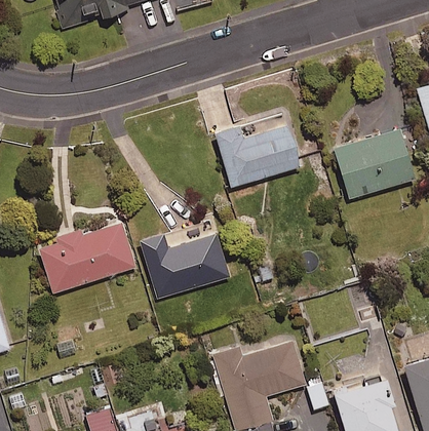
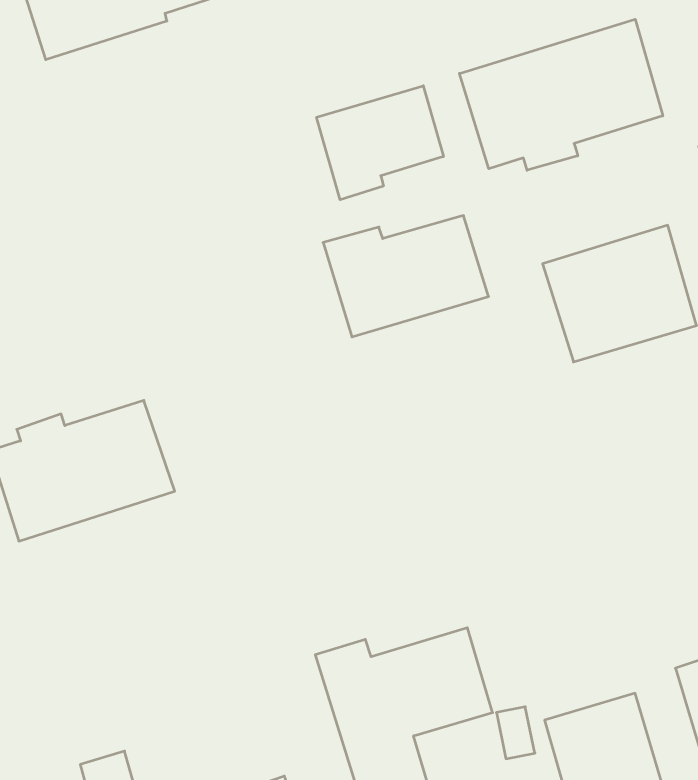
building: none -> [459,19,663,170]
building: none -> [317,86,443,200]
building: [139,230,230,299] -> none

